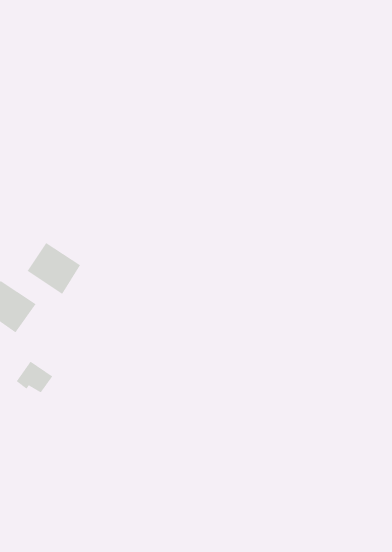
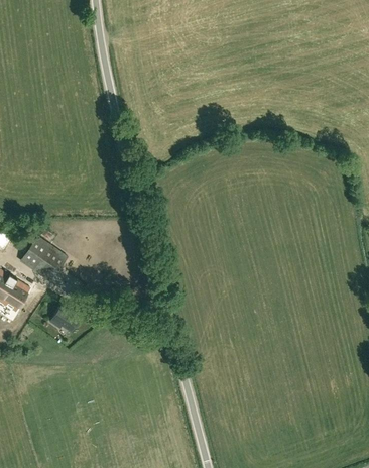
building: [27,242,81,295] -> none

